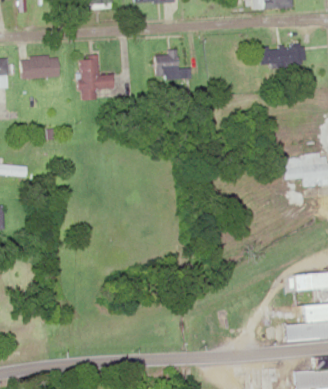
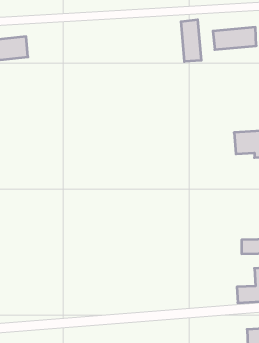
building: none -> [181,20,201,62]
building: [156,52,191,82] -> none
building: [80,55,115,101] -> none

